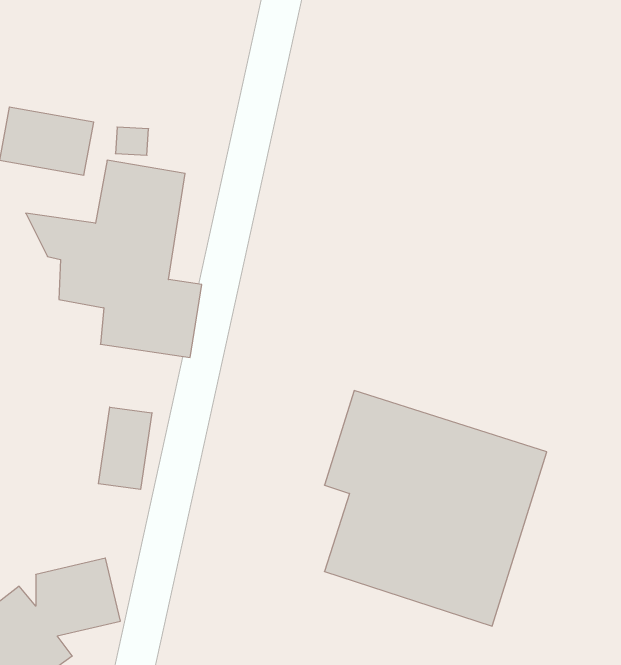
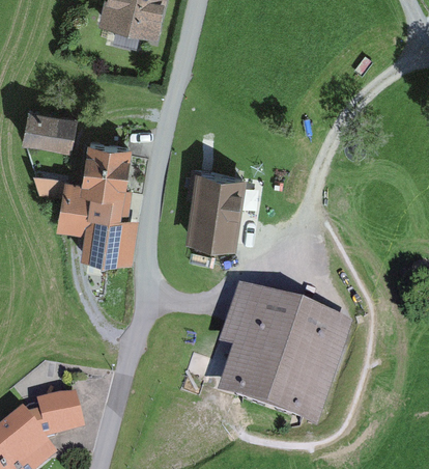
building: none -> [182,168,245,248]
building: [98,407,152,489] -> none

